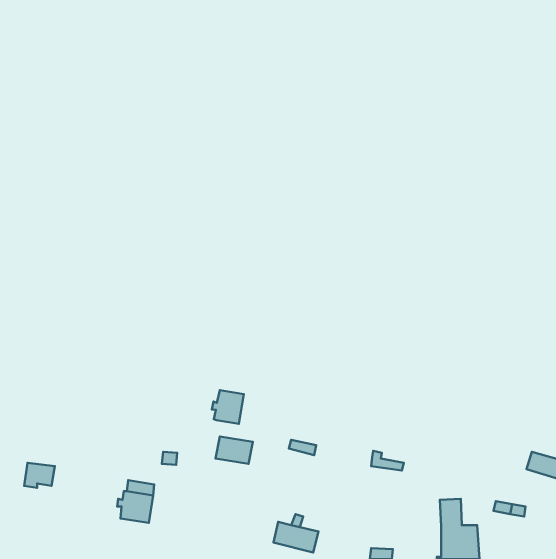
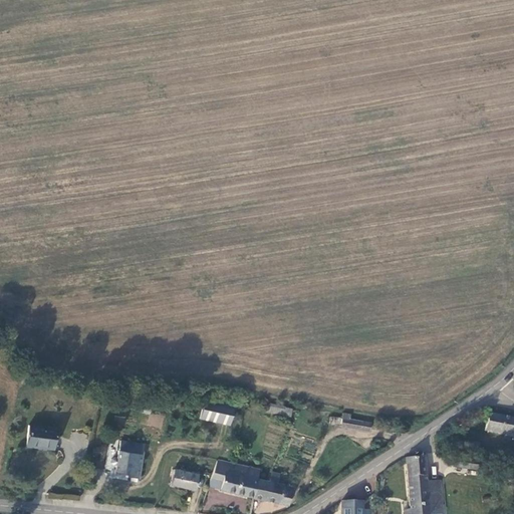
building: [212,390,244,424] -> none
building: none -> [208,459,260,498]
building: none -> [173,471,198,491]

